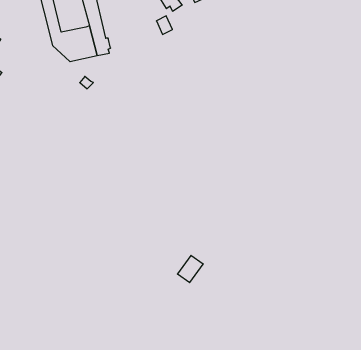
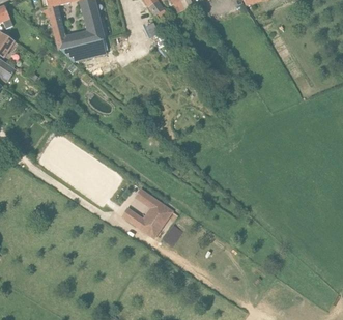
building: none -> [122,187,173,236]

